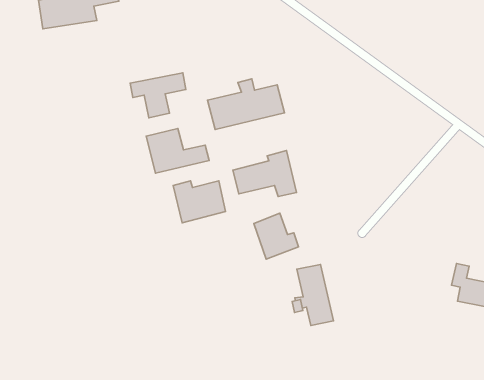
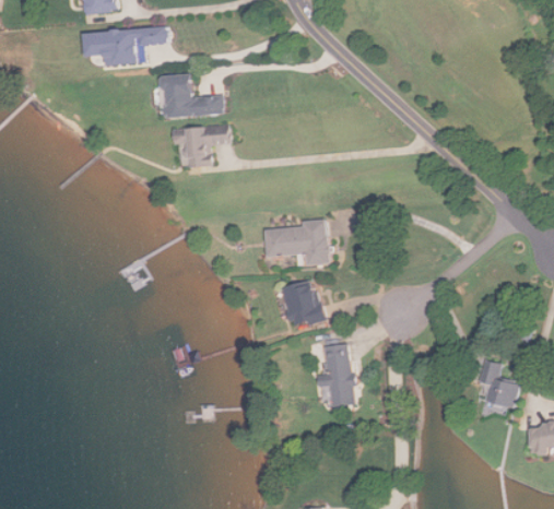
building: [207,79,284,129] -> none
building: [146,128,209,173] -> [160,73,222,117]
building: [173,181,226,223] -> none

